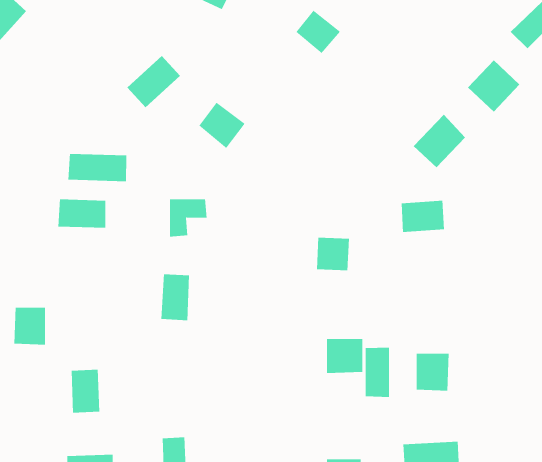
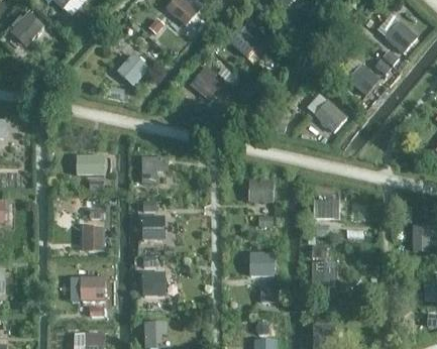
building: [198,102,245,149] -> [187,68,219,100]
building: [68,153,127,182] -> none
building: [401,200,445,232] -> [309,198,339,220]
building: [13,307,46,345] -> [84,225,106,251]
building: [365,347,389,398] -> none
building: none -> [144,269,169,296]

